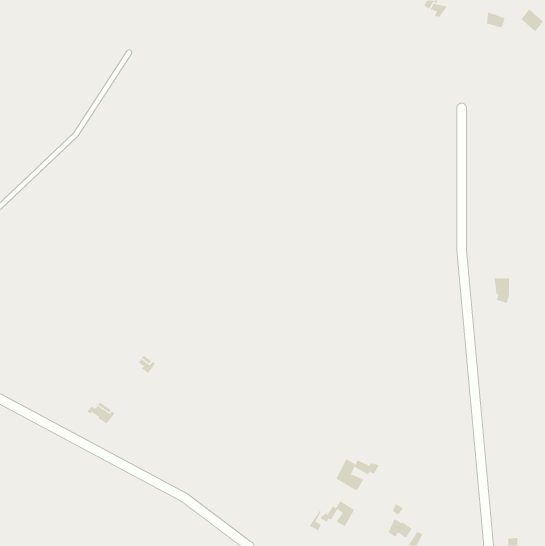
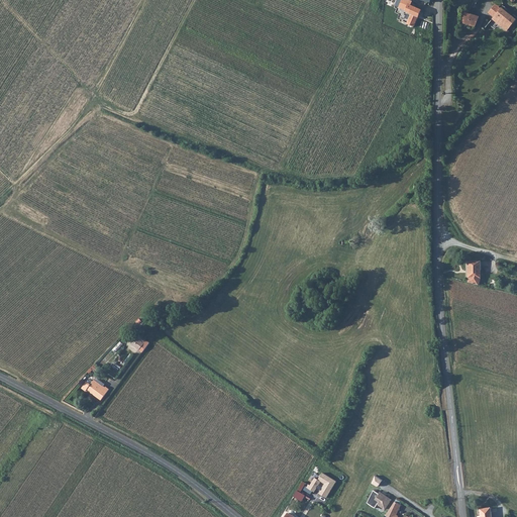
building: [336,459,380,491] -> none

